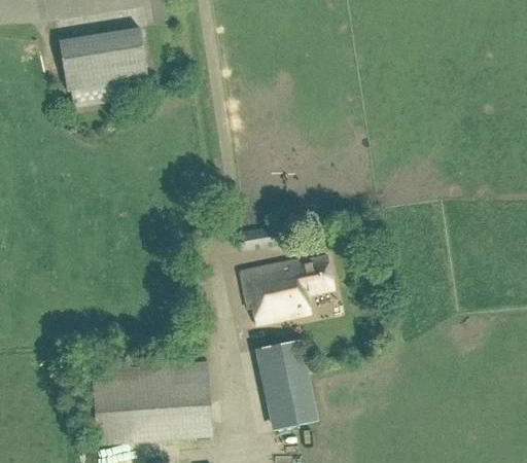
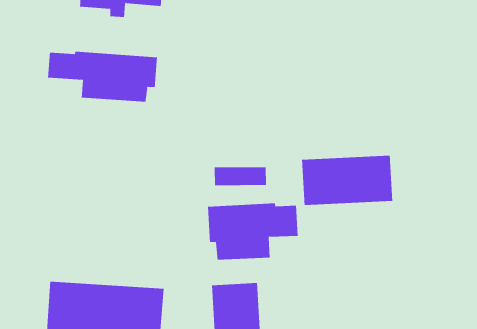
building: none -> [48,51,157,102]
building: none -> [302,155,393,206]

